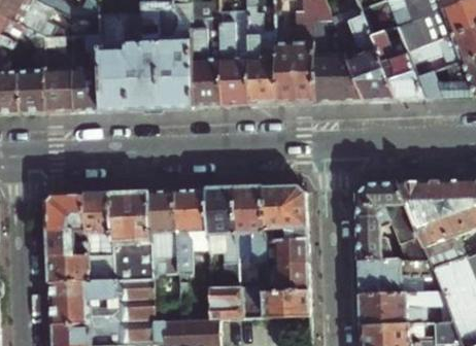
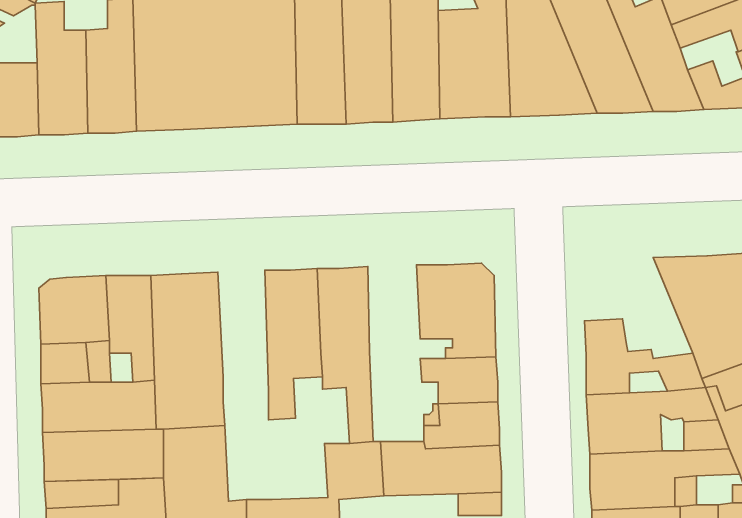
building: [355,181,418,239] -> none
building: [233,185,264,262] -> none
building: [147,188,176,264] -> none

